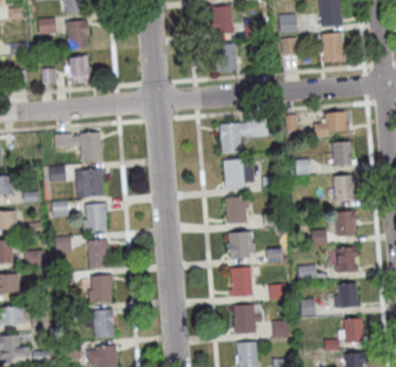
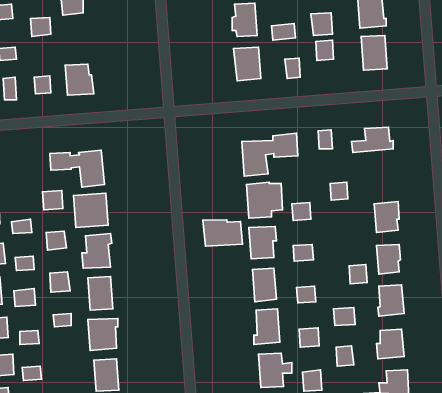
building: [67,20,88,49] -> none
building: [332,141,352,166] -> none
building: none -> [203,220,242,246]

